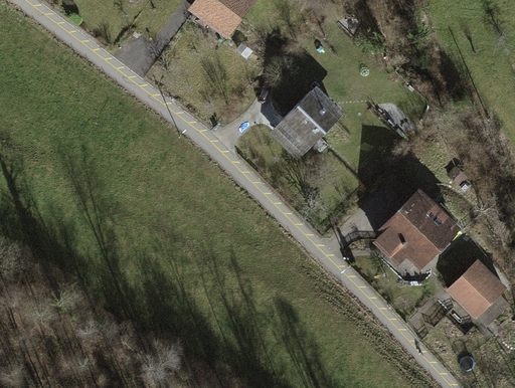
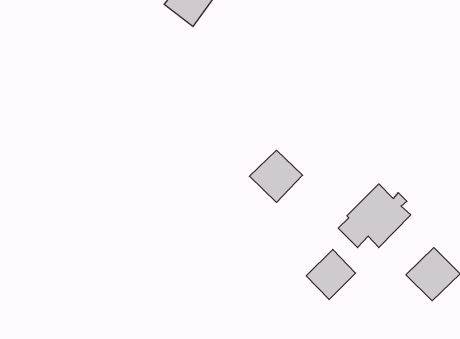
building: [282,92,337,147] -> [249,150,303,202]
building: none -> [306,249,356,300]

